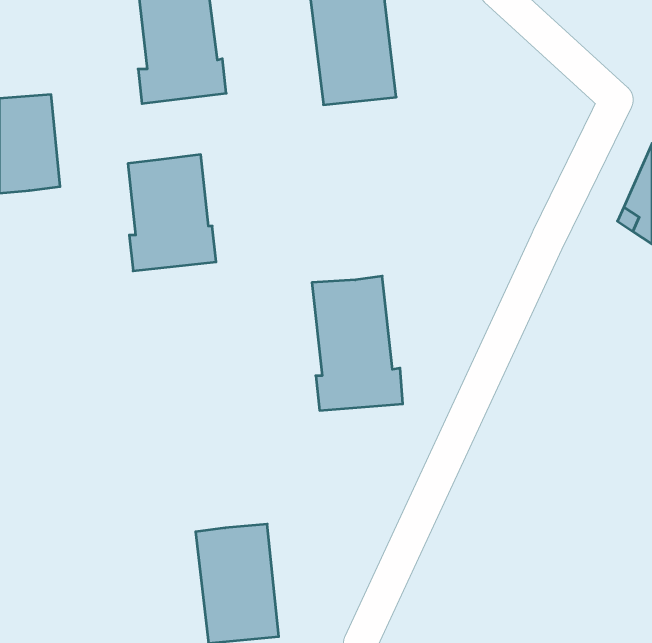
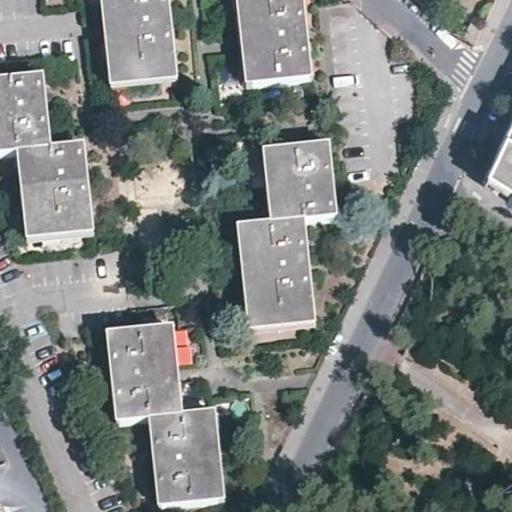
building: [128,155,216,271] -> [23,142,92,233]
building: none -> [270,140,333,219]
building: none -> [109,325,176,420]

